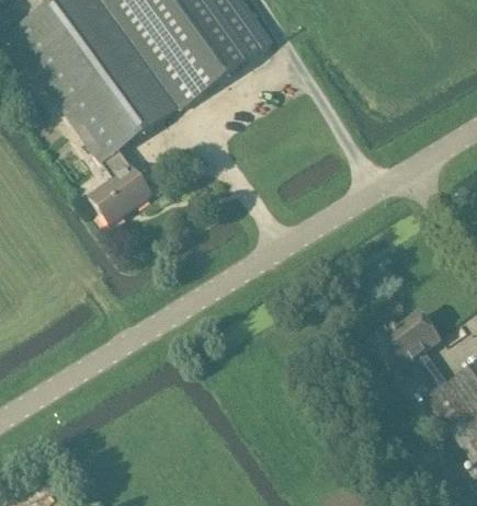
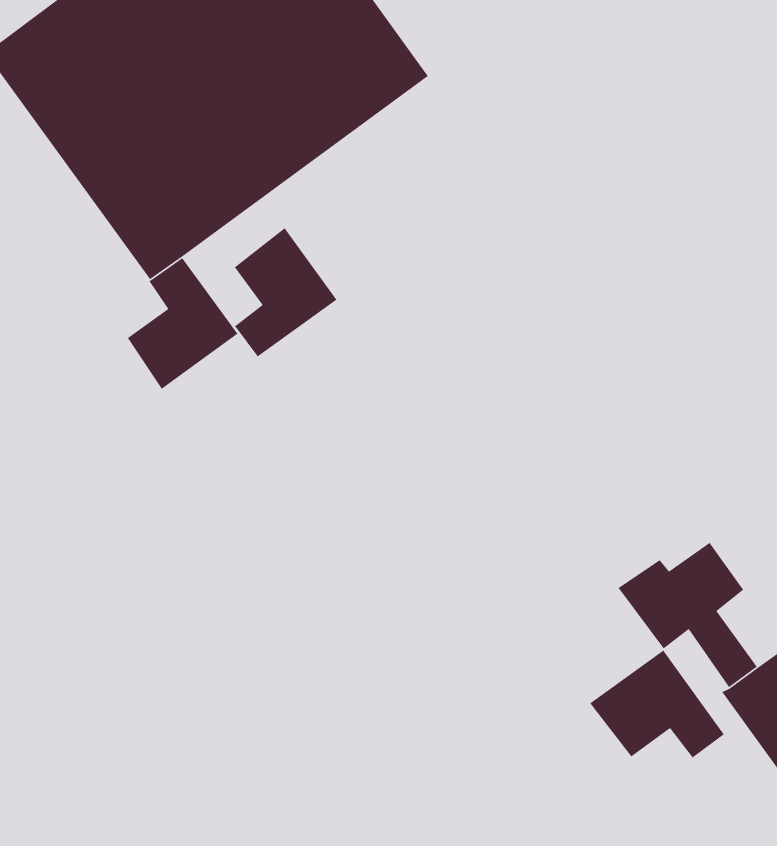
building: none -> [233,227,337,358]
building: none -> [589,650,725,759]

